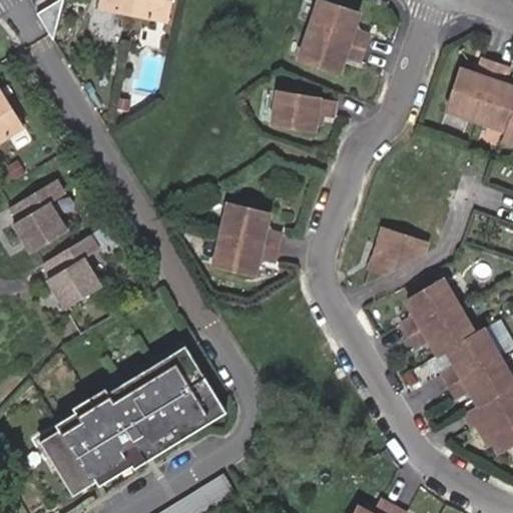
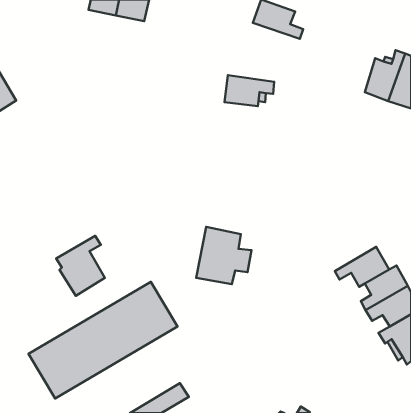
building: [303,28,371,72] -> none
building: [7,180,63,252] -> none
building: [210,202,279,274] -> [196,227,251,284]
building: [372,224,436,275] -> none
building: [39,234,99,309] -> [56,236,105,296]
building: [407,280,465,336] -> none

